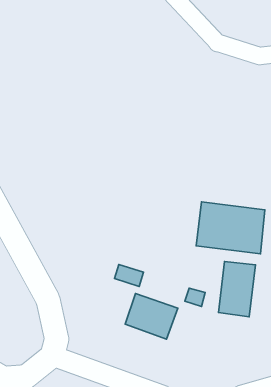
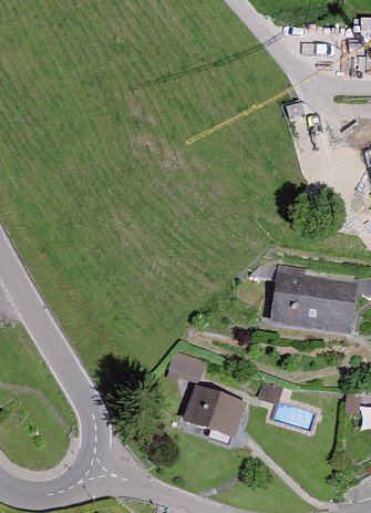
building: [219,262,256,317] -> none

